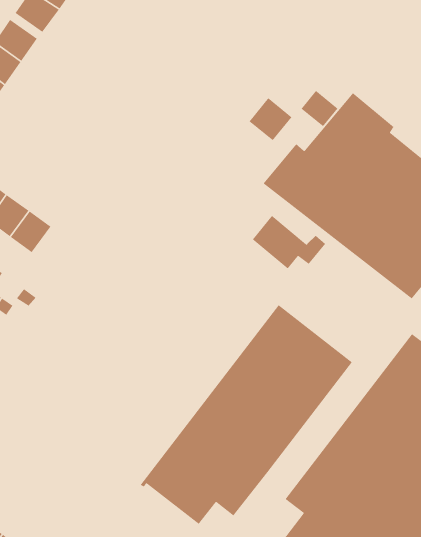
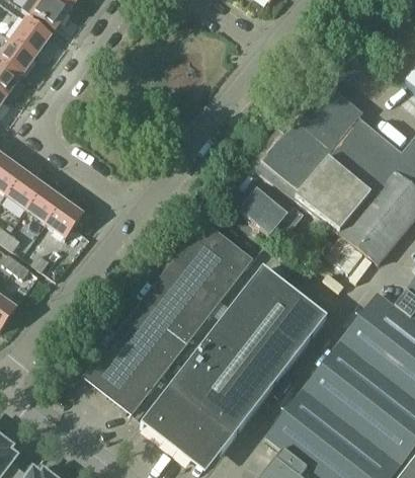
building: [300,90,339,127] -> none
building: [248,97,293,141] -> none
building: none -> [47,198,84,237]
building: none -> [83,219,253,414]

